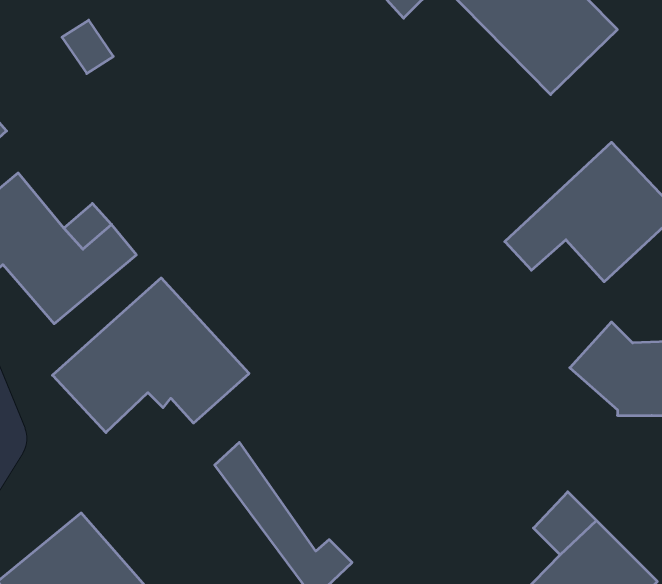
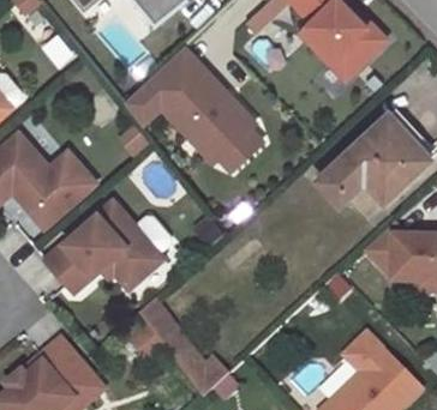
building: none -> [126,47,275,180]

